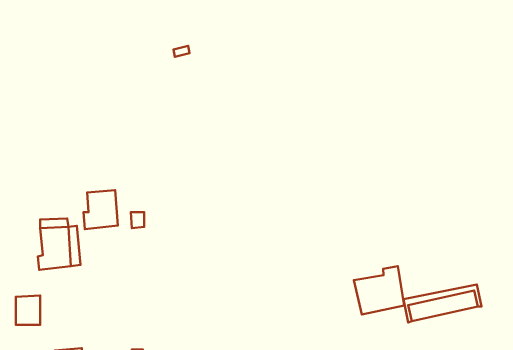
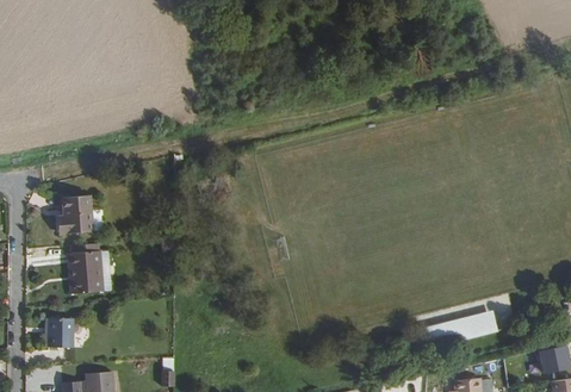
building: [83,190,118,229] -> [63,197,97,235]
building: [354,266,404,314] -> none

